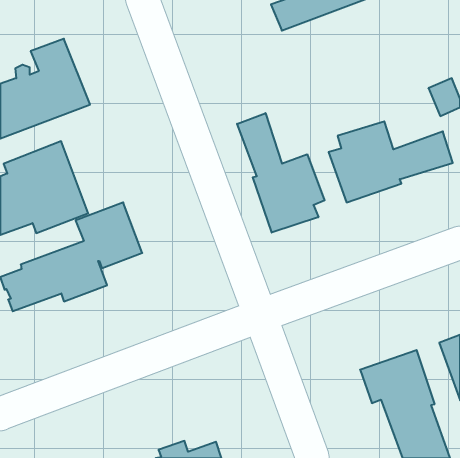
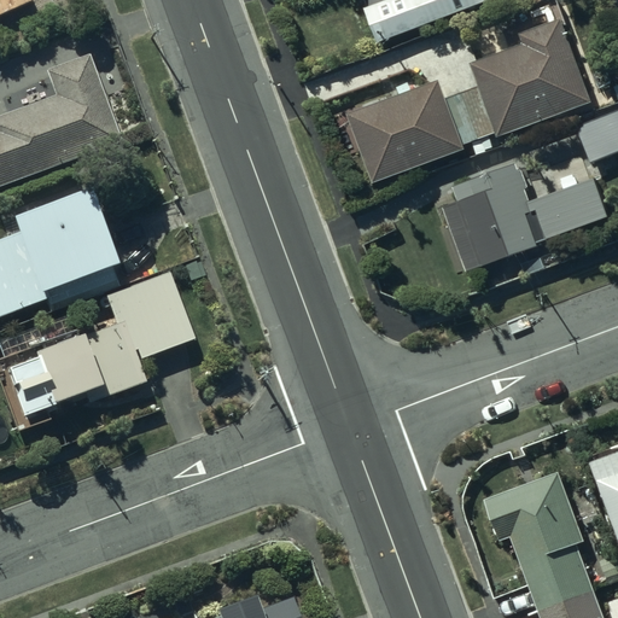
building: none -> [345,18,590,182]
building: [237,113,325,233] -> none

